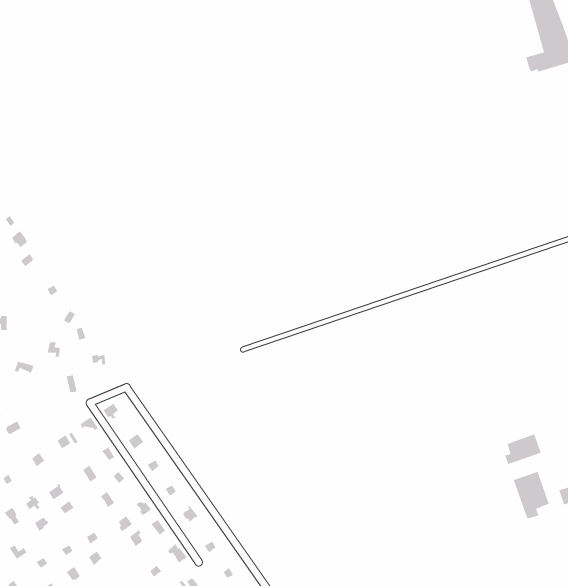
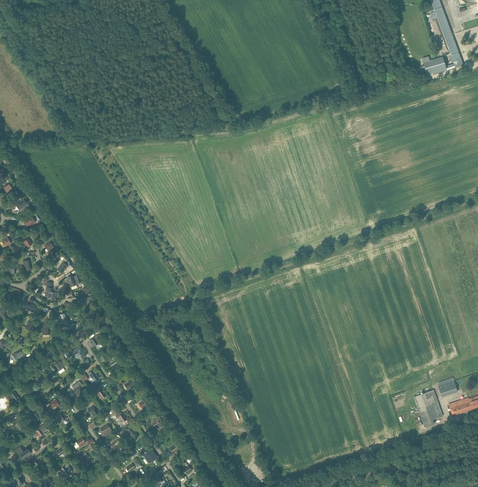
building: [504,434,541,465] -> none

